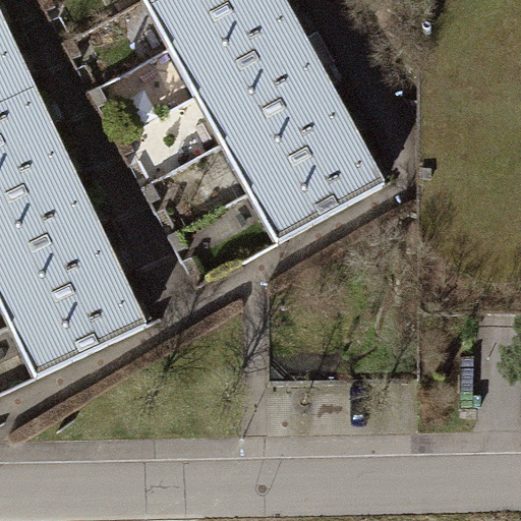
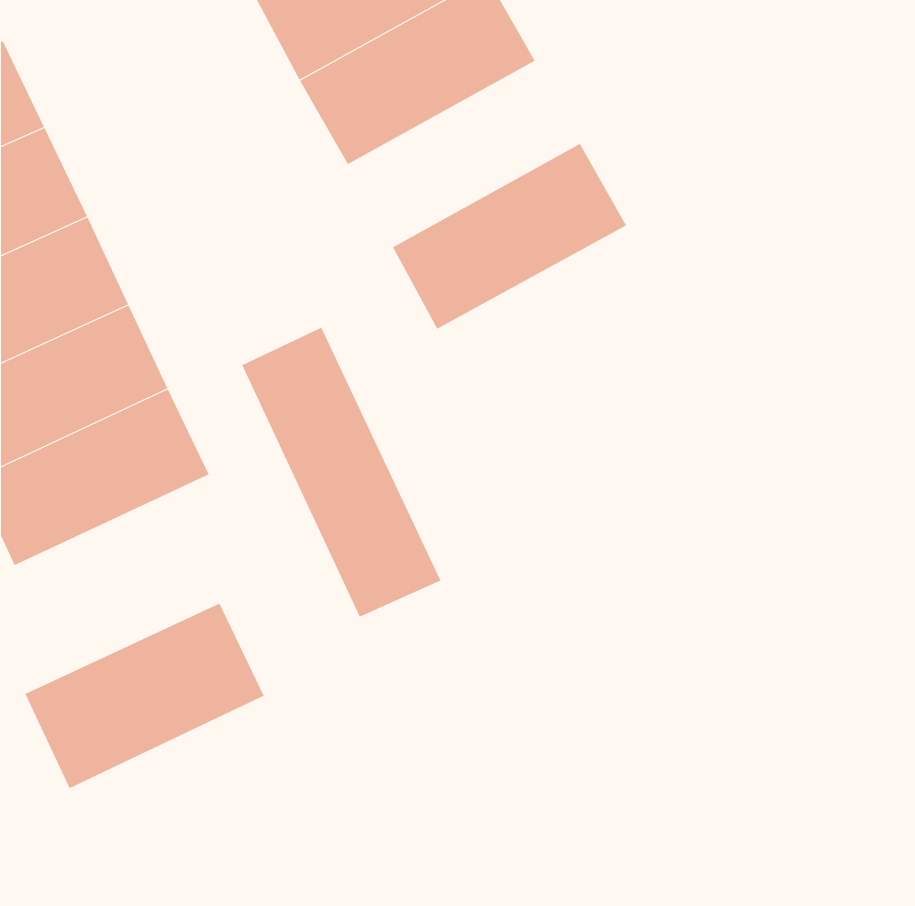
building: [197,35,330,140] -> none
building: [248,128,385,239] -> none
building: none -> [241,327,441,617]
building: [8,270,144,375] -> [25,603,264,789]

